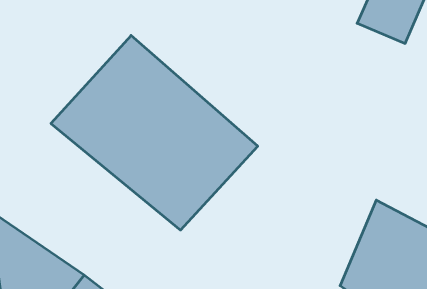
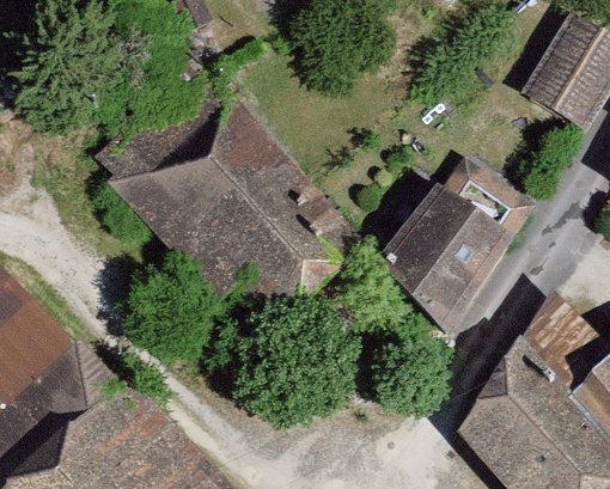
building: none -> [371,143,538,338]

